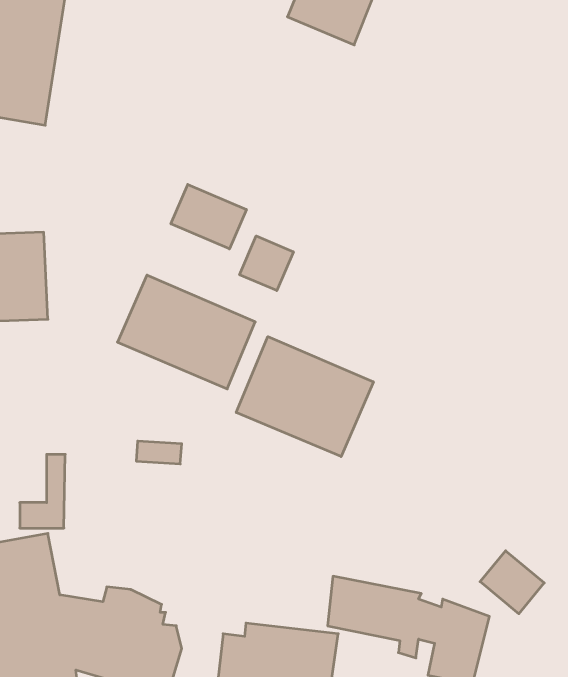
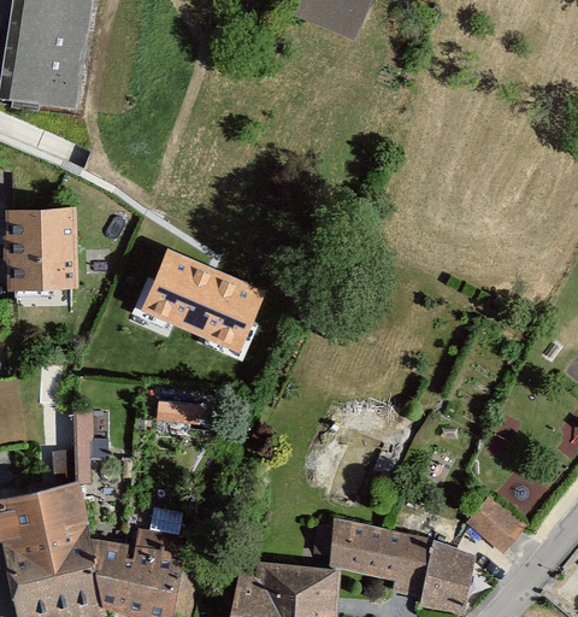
building: [171,184,246,249] -> none
building: [240,236,293,291] -> none
building: [236,337,373,457] -> none

